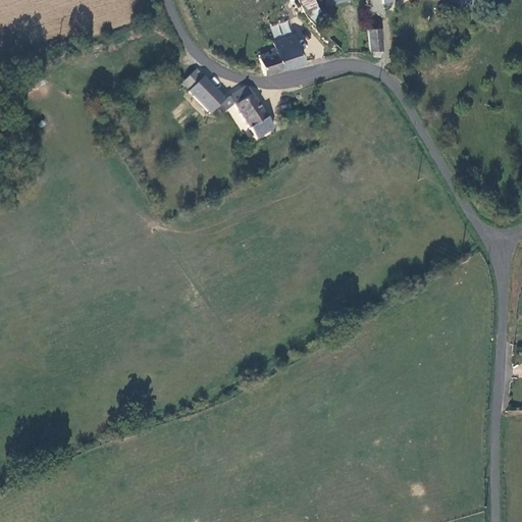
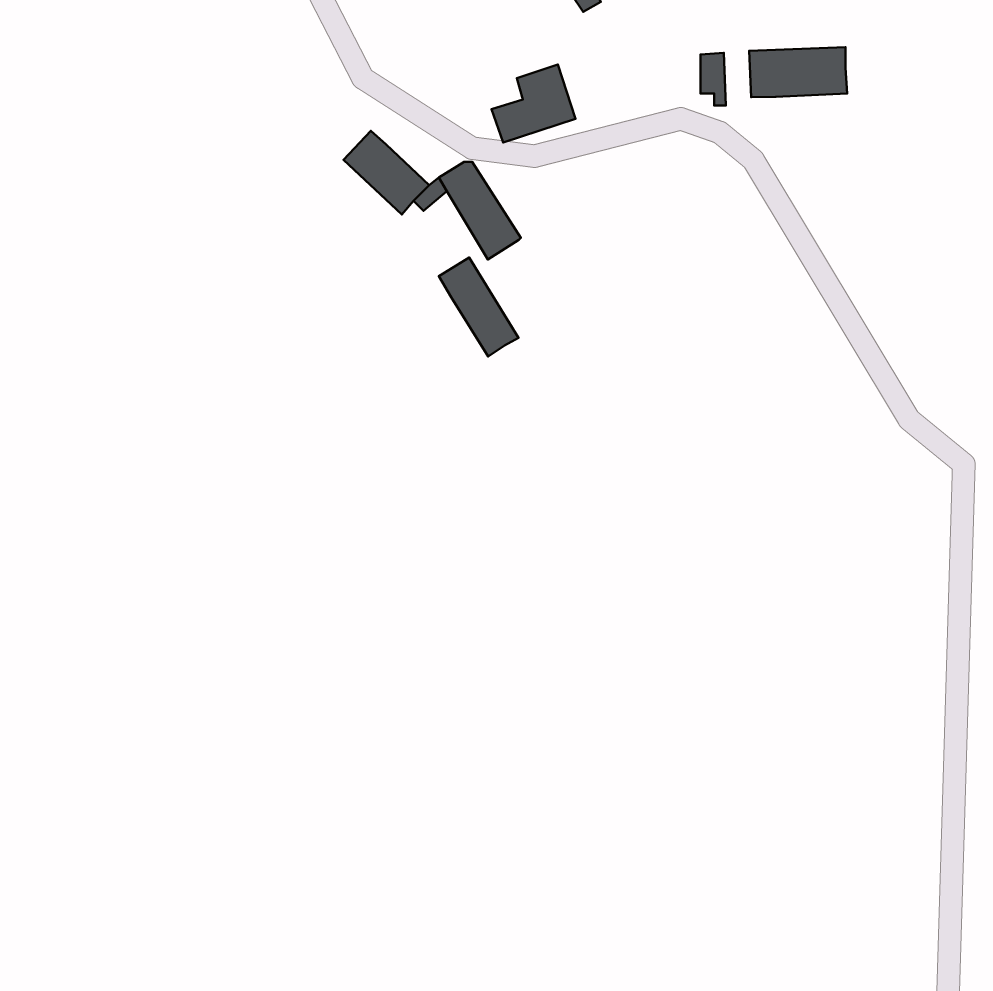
building: none -> [749,47,847,97]
building: none -> [439,258,519,357]

